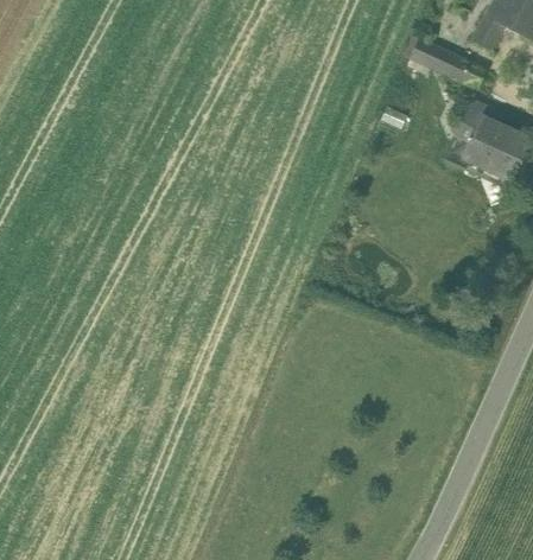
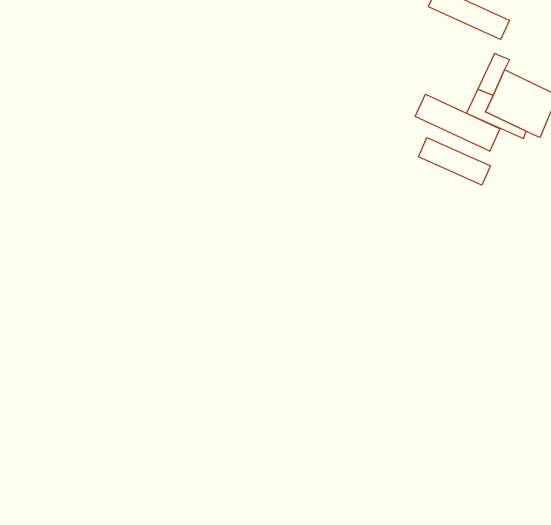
building: none -> [415,94,500,151]
building: none -> [419,138,490,185]

